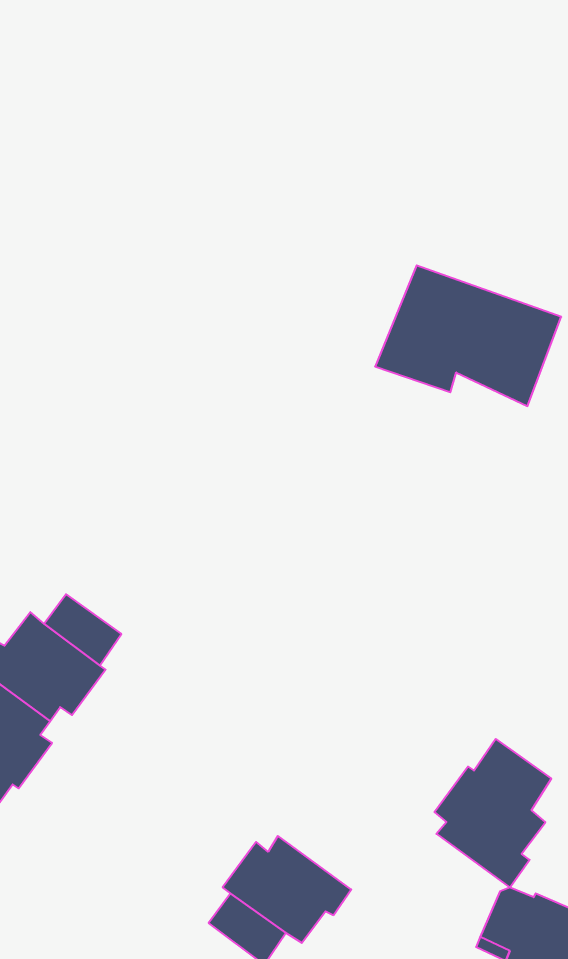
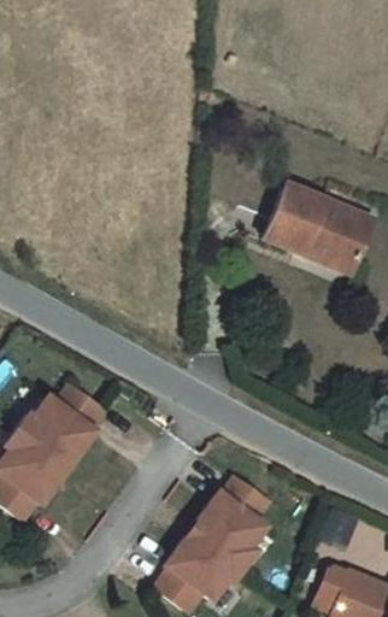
building: [434,739,551,887] -> [196,474,268,564]

